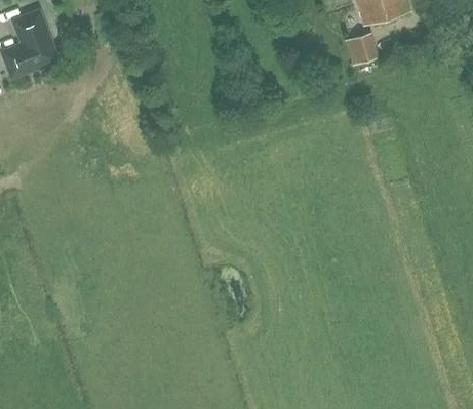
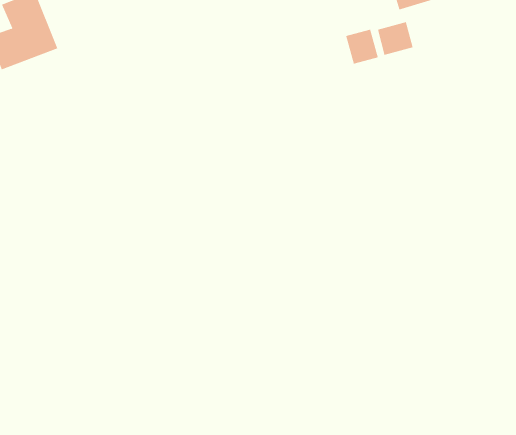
building: none -> [346,29,378,65]

